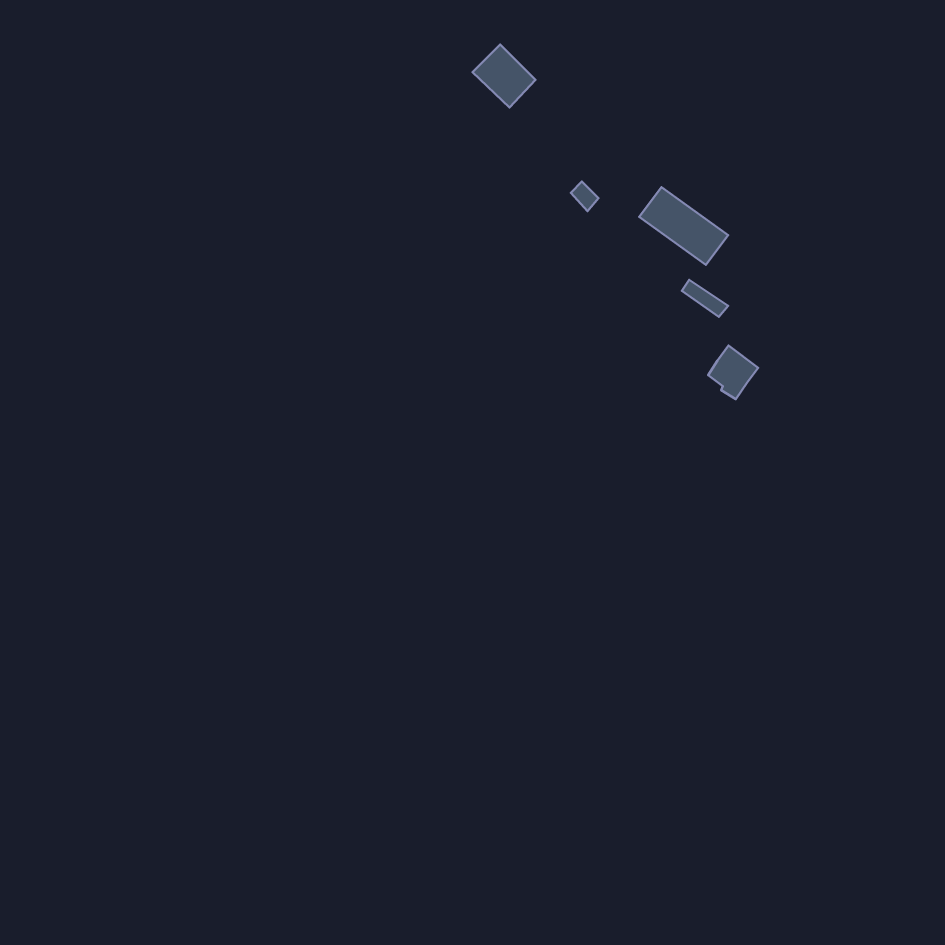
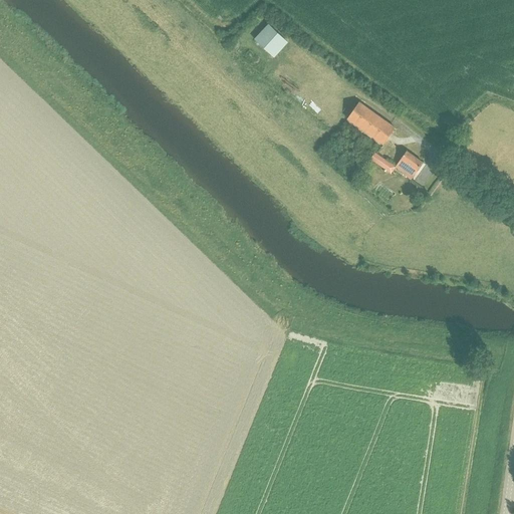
building: [708,346,758,399] -> [395,150,422,179]

